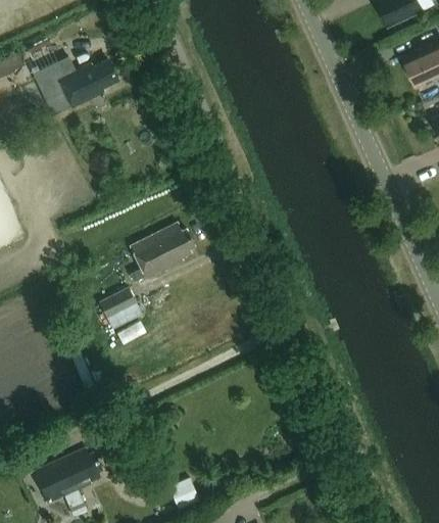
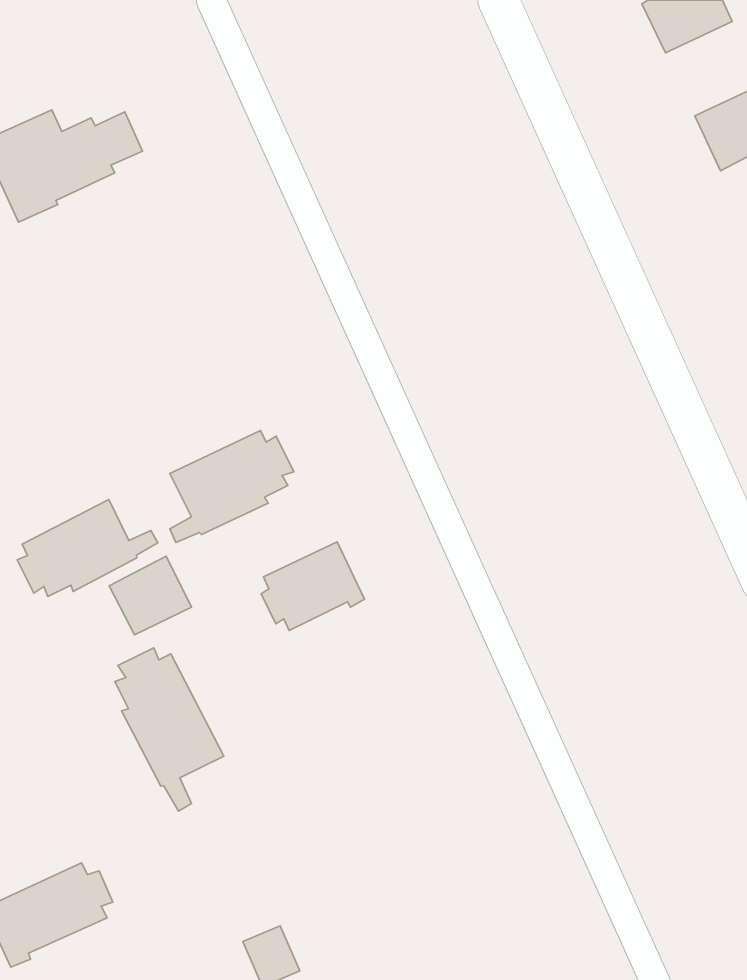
building: none -> [17,500,158,596]
building: none -> [261,542,364,631]
building: none -> [115,648,224,811]

